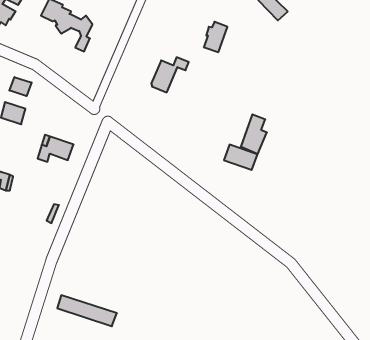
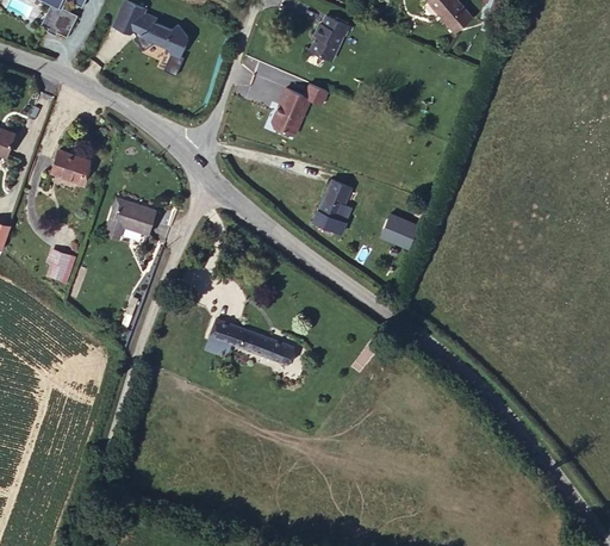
building: [204,22,227,52] -> [310,17,344,61]
building: [9,77,32,96] -> none
building: [241,114,267,154] -> [313,179,351,236]
building: [57,295,117,326] -> [207,318,294,364]

